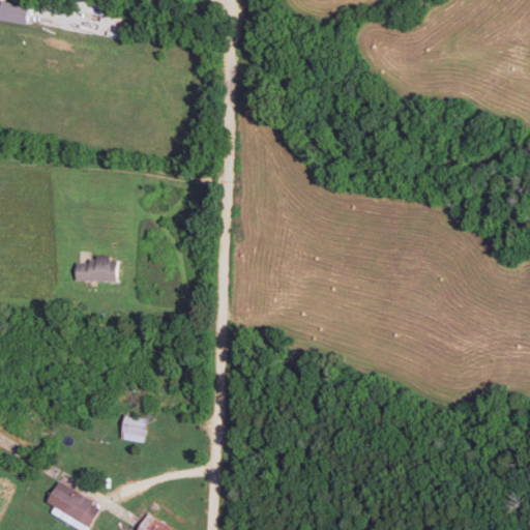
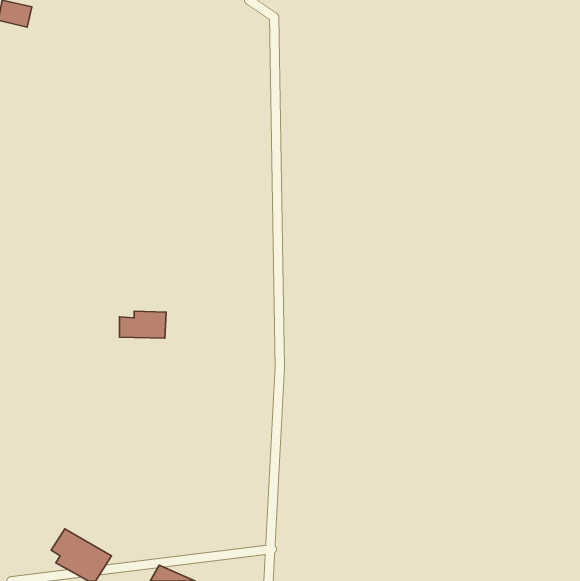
building: [75,257,117,282] -> [119,311,166,338]
building: [120,415,146,441] -> none

